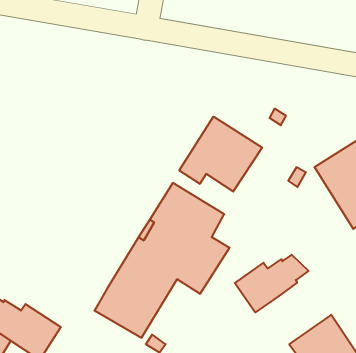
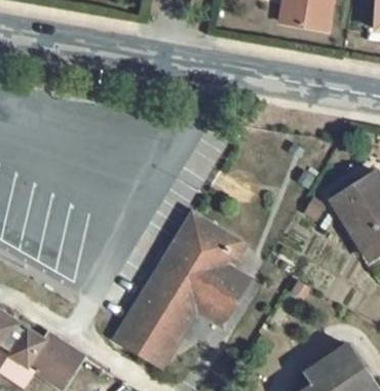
building: [179,117,262,192] -> none
building: [235,255,308,312] -> none

